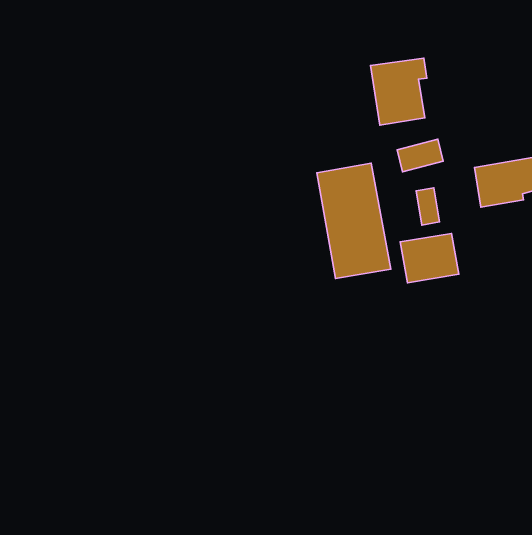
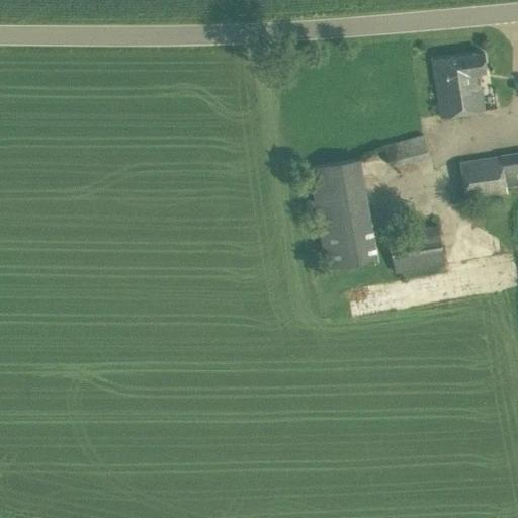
building: [371,58,427,125] -> [432,53,487,117]
building: [416,188,439,225] -> none

